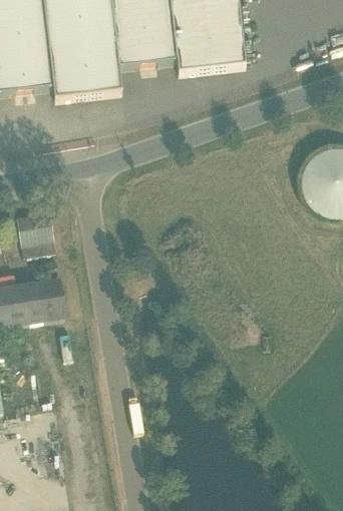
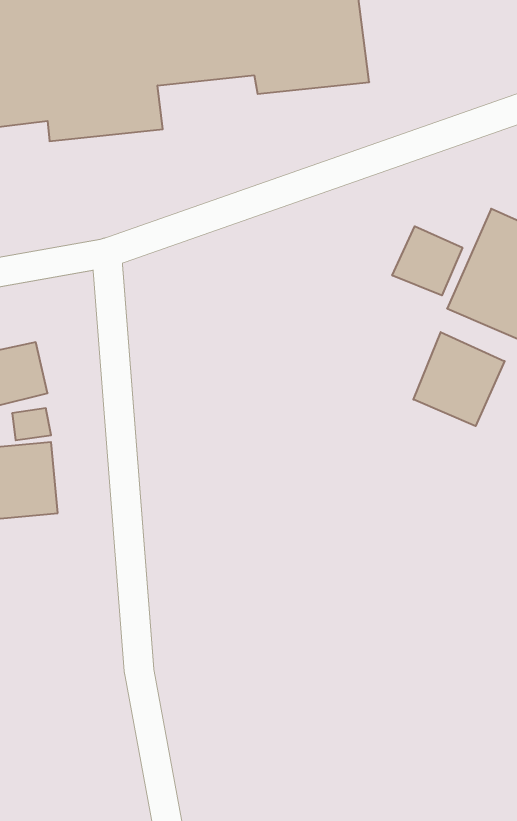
building: none -> [392,226,462,295]
building: none -> [413,332,505,426]

